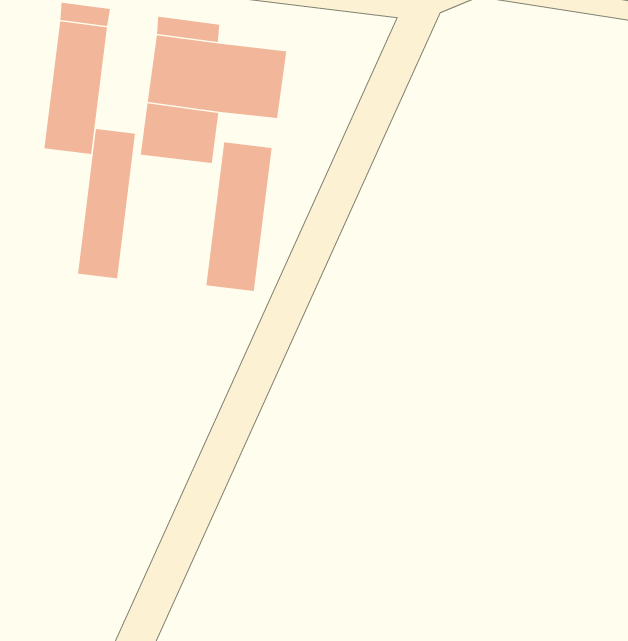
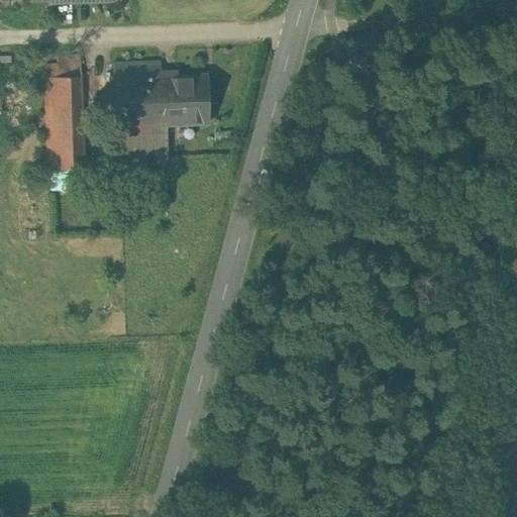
building: [77,128,136,279] -> none
building: [206,142,272,292] -> none

